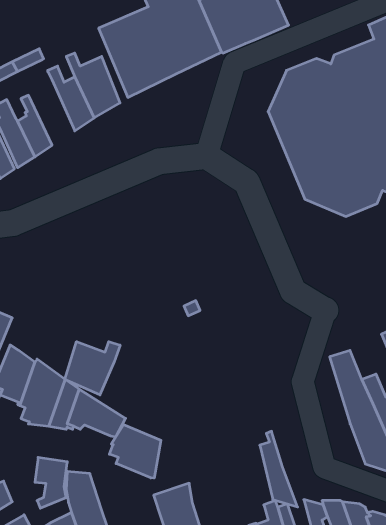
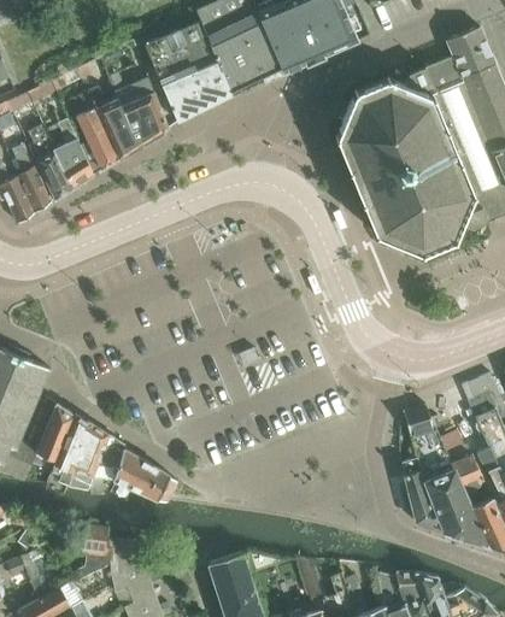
building: none -> [71,93,119,171]
building: [65,342,120,395] -> none
building: [109,425,161,478] -> none
building: [260,431,298,507] -> [401,446,444,530]

